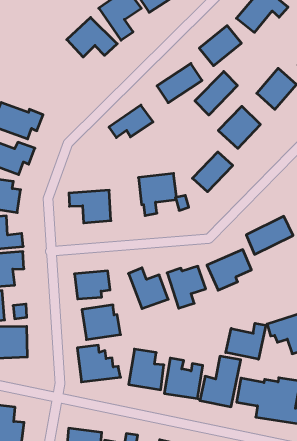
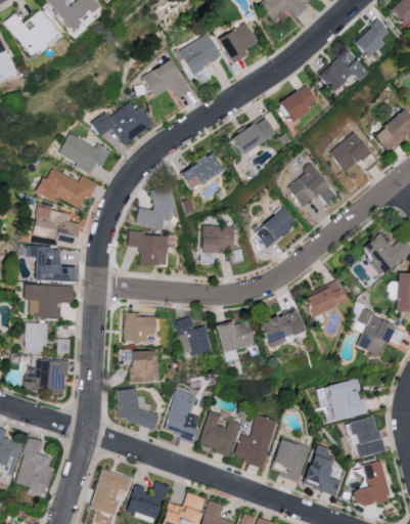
building: none -> [92,102,153,144]
building: [195,71,237,115] -> none
building: none -> [134,190,175,228]
building: [226,323,266,359] -> none

